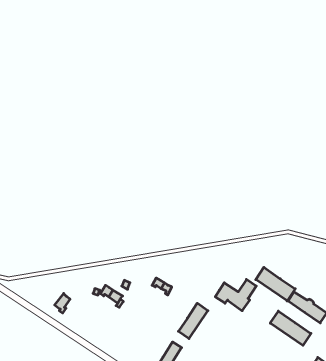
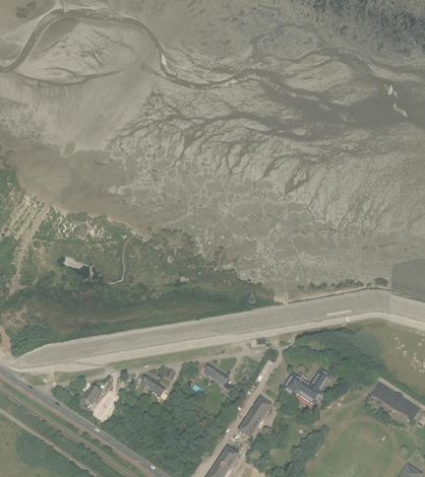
building: [256,267,295,301] -> none
building: [270,311,311,345] -> none

